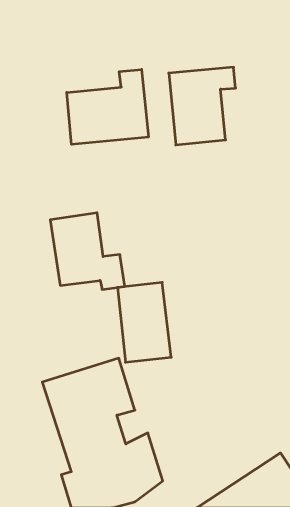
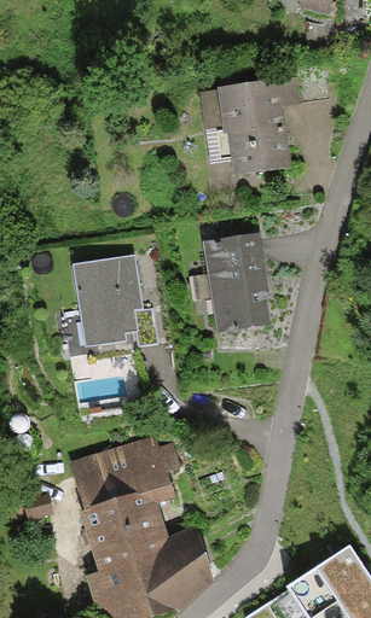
building: [67,69,148,144] -> none
building: [117,282,171,362] -> [203,237,268,333]

